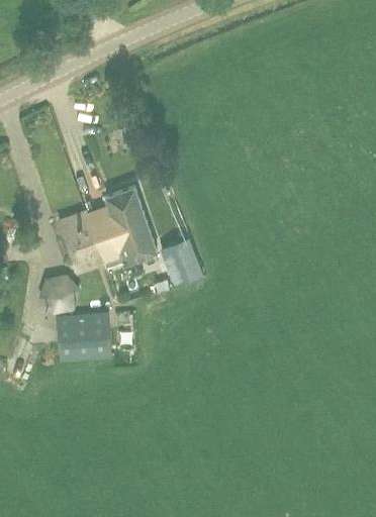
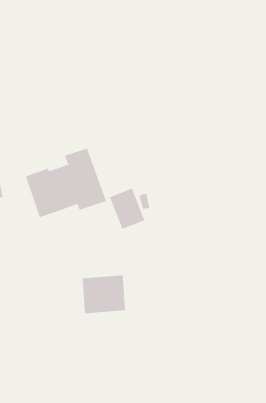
building: [40,276,77,310] -> none
building: [57,313,110,360] -> [82,275,126,314]

